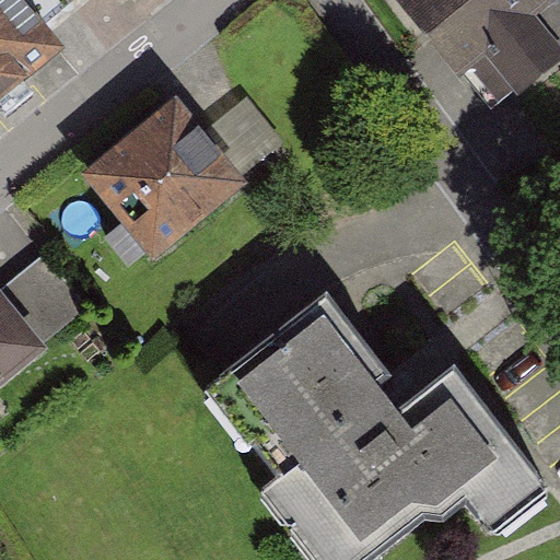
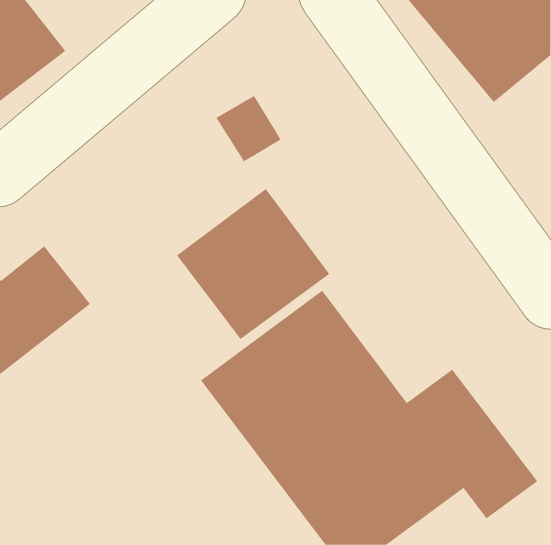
building: [84,103,240,256] -> [176,188,330,340]

